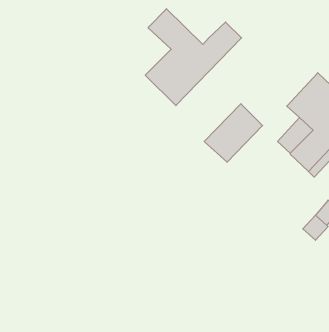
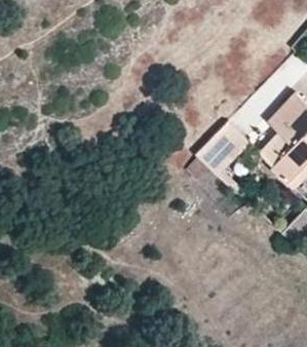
building: [145,9,242,106] -> none

